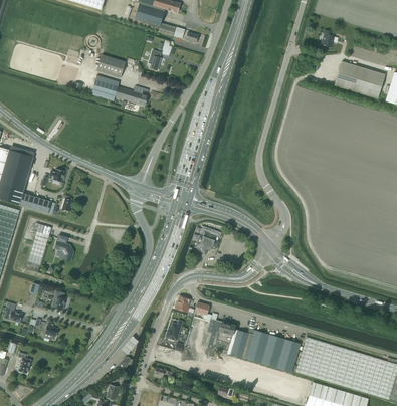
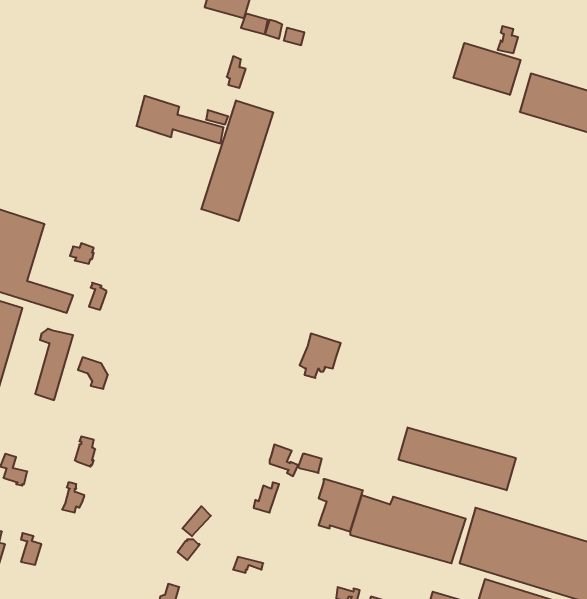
building: none -> [454,43,521,95]
building: [96,54,126,77] -> none
building: none -> [201,100,273,221]
building: none -> [399,427,516,490]

